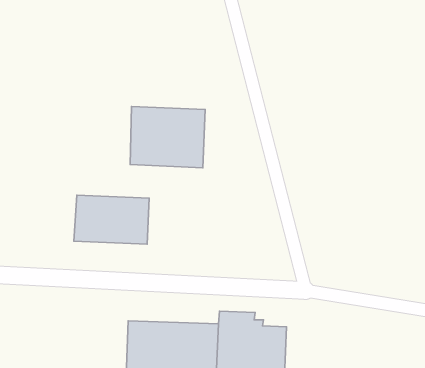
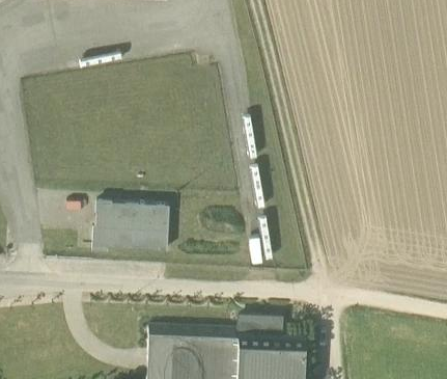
building: [130,106,205,168] -> none

